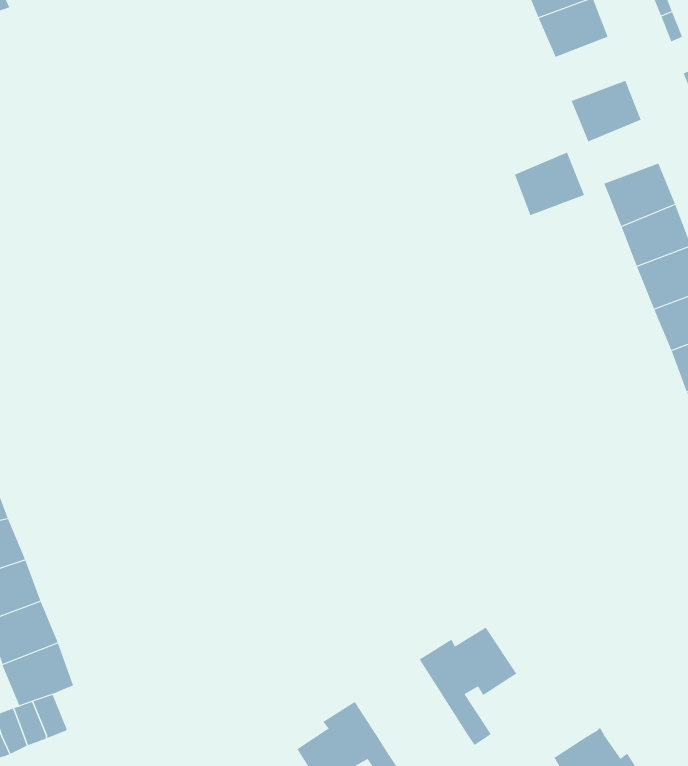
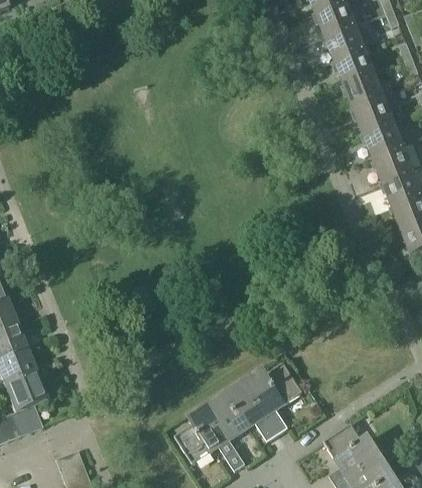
building: none -> [325,24,366,61]
building: [514,152,585,216] -> [344,72,385,109]
building: none -> [209,385,278,442]

